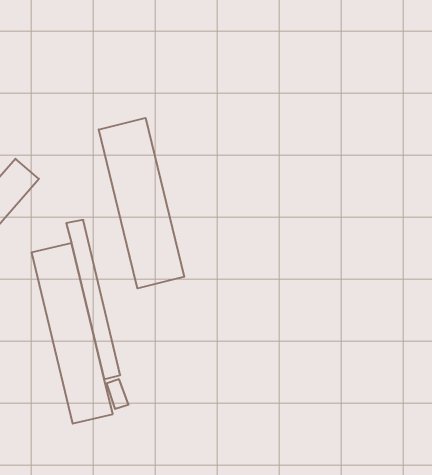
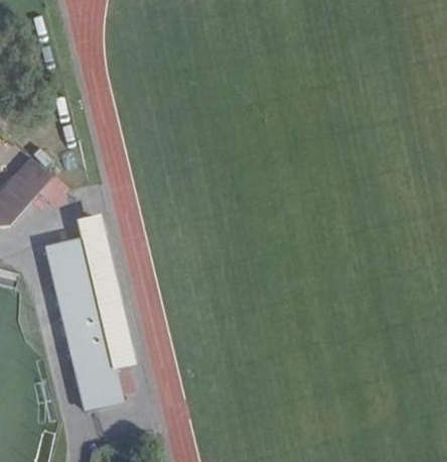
building: [99,118,184,288] -> none

